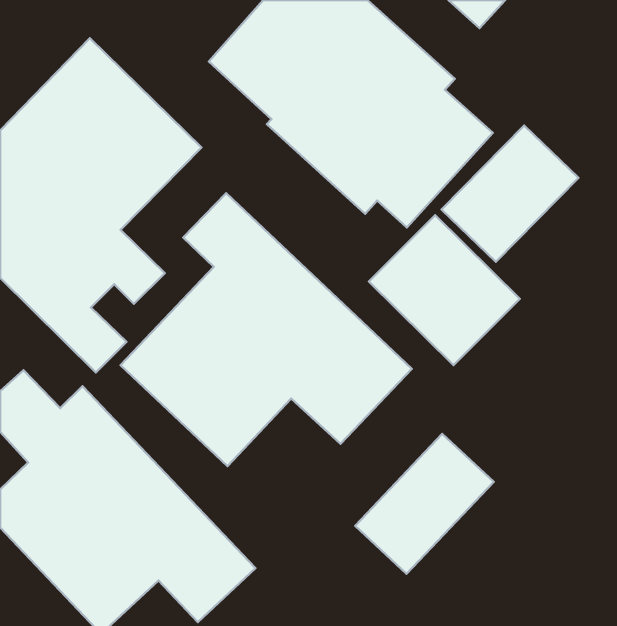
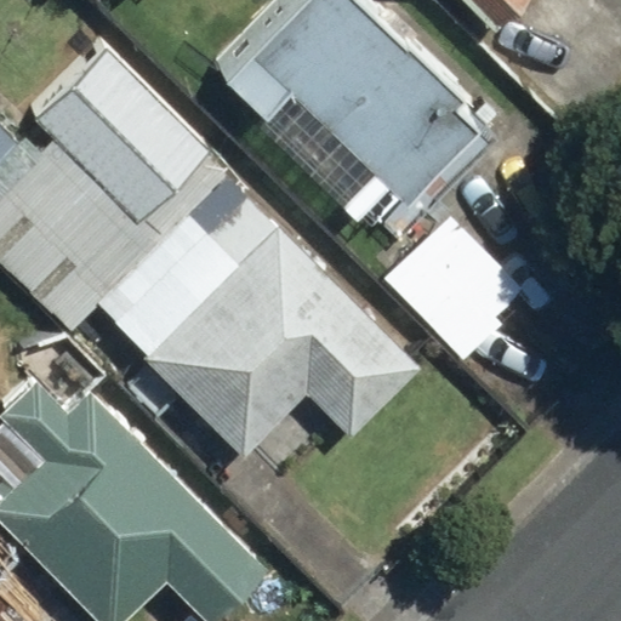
building: [442,125,578,262] -> none
building: [355,434,494,574] -> none

